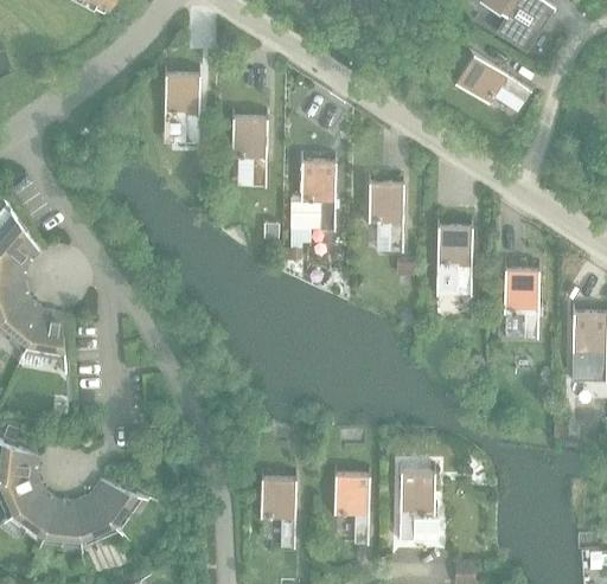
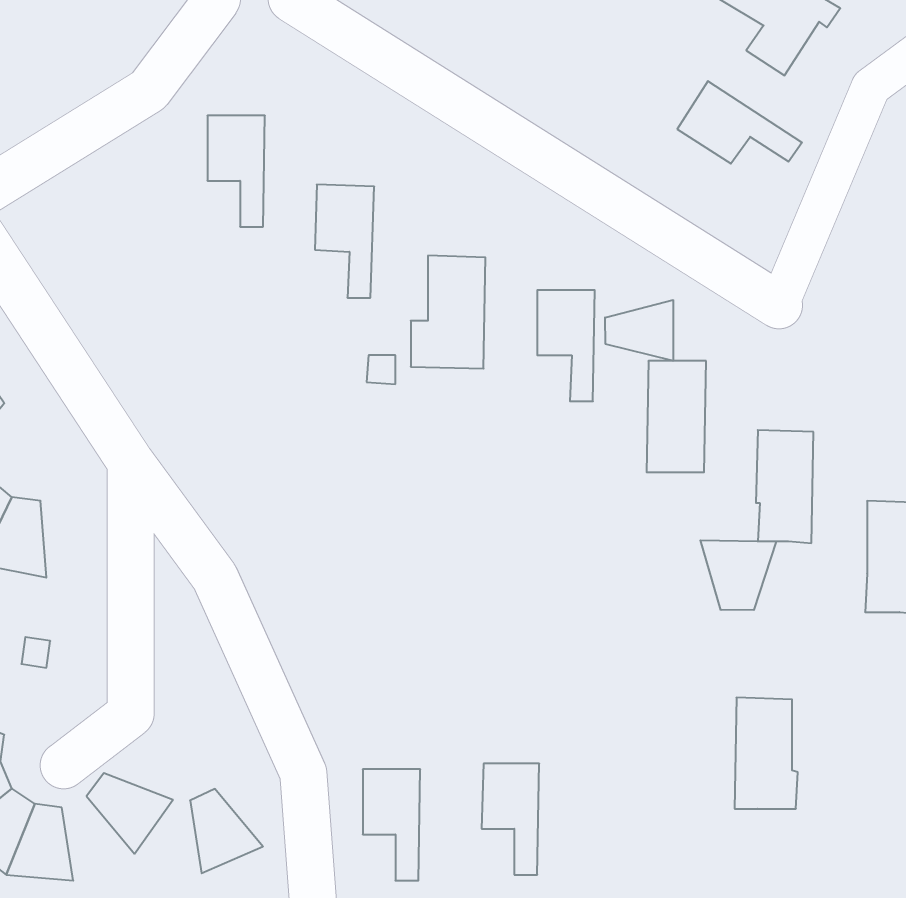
building: none -> [605,300,673,361]
building: none -> [700,540,776,610]
building: [398,469,437,538] -> [735,698,798,809]
building: [74,493,119,545] -> [190,789,263,873]

